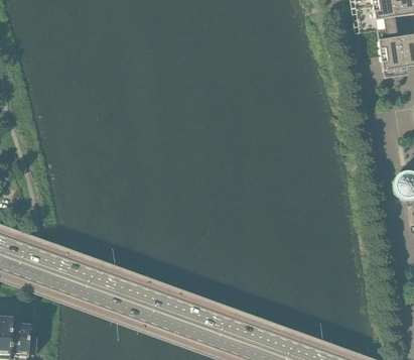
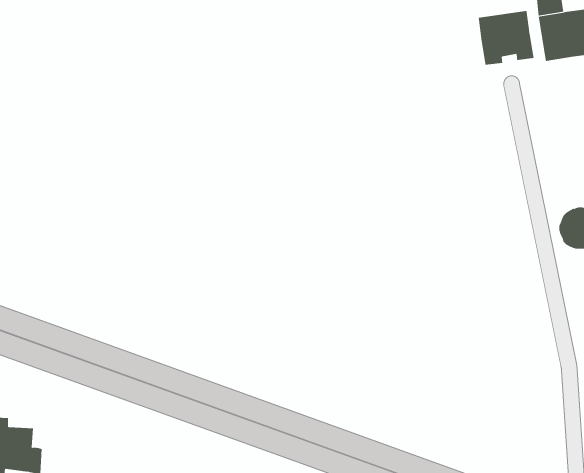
building: none -> [478,10,534,66]

